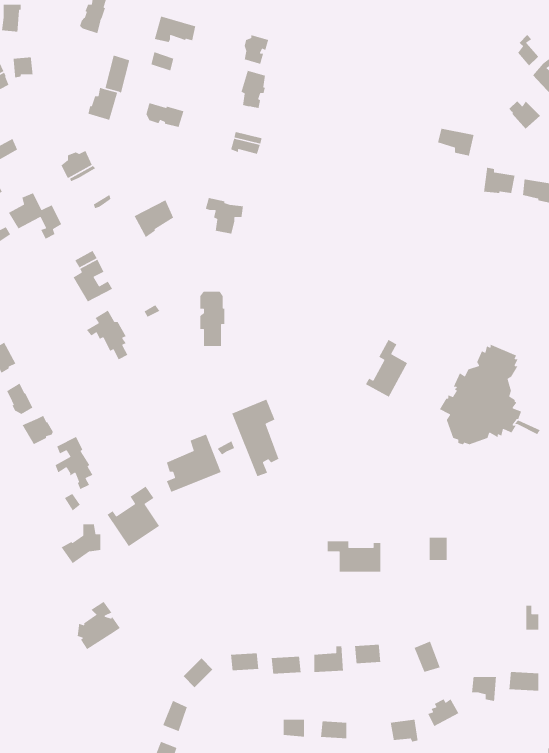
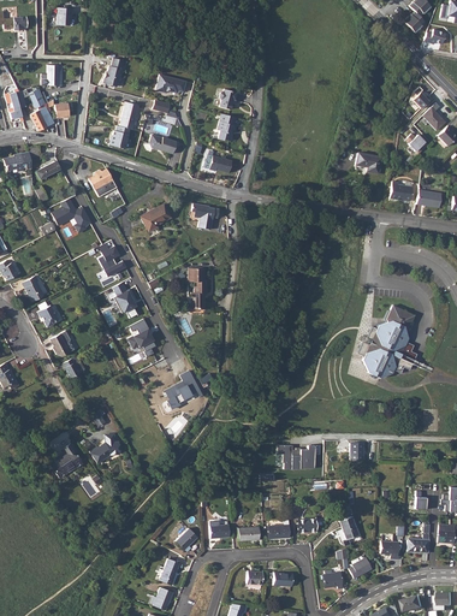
building: [365,339,408,398] -> none
building: [231,399,280,477] -> none
building: [54,436,93,490] -> [129,319,156,357]
building: [106,485,160,547] -> none
building: [77,601,121,650] -> [52,443,83,478]

